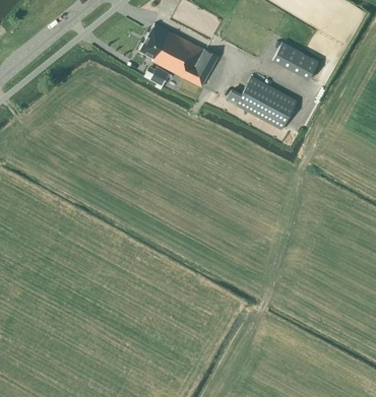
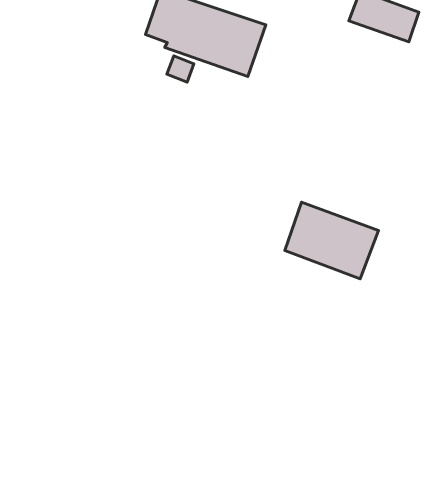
building: [237,76,299,131] -> [285,202,378,279]

